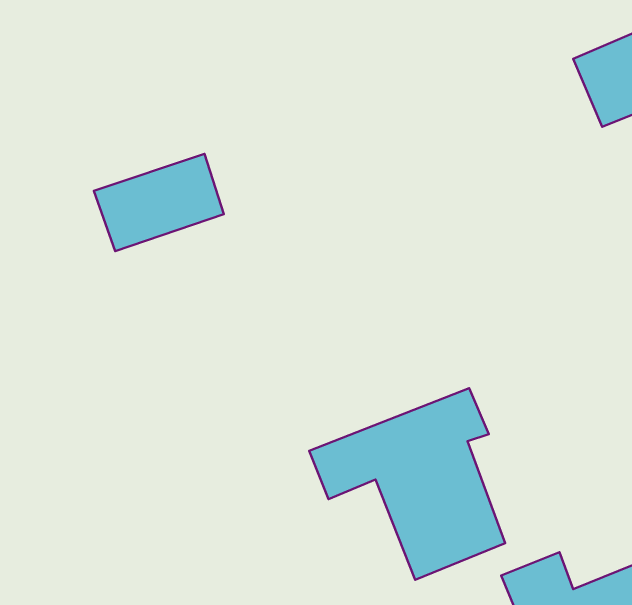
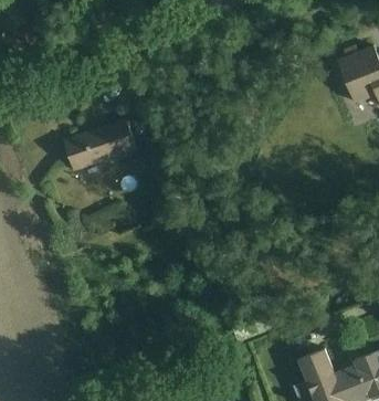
building: [309,388,505,580] -> none

